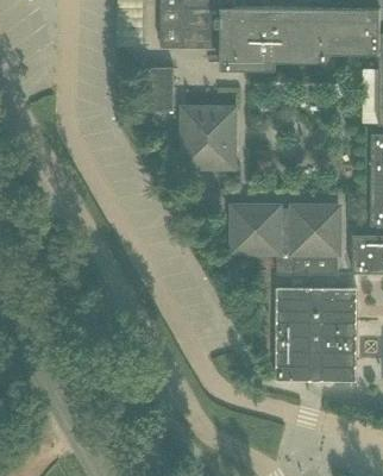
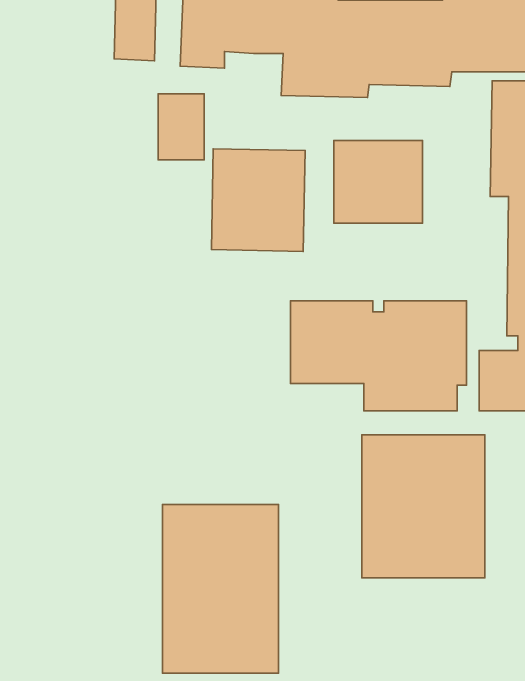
building: none -> [334,140,423,223]
building: none -> [163,505,279,673]

